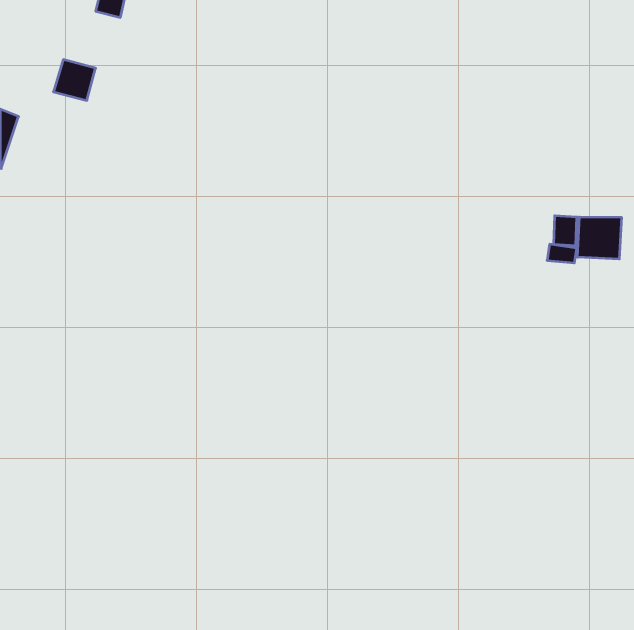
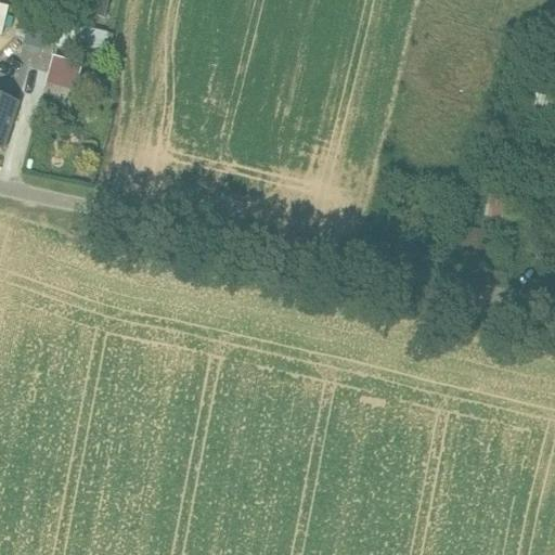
building: [578,217,621,259] -> none

